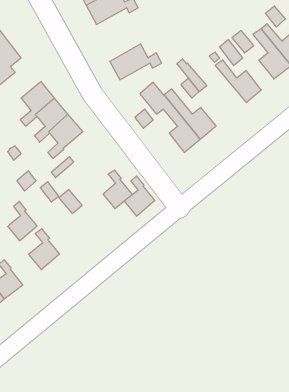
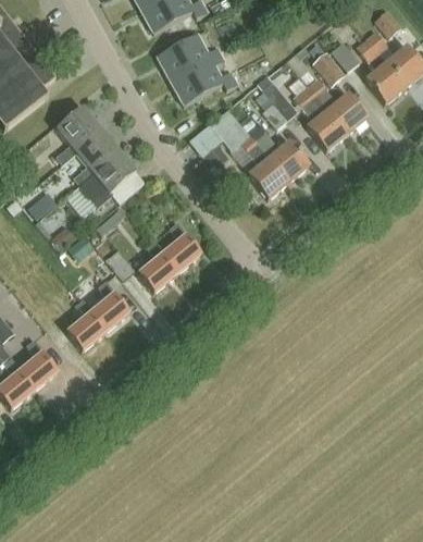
building: none -> [157,34,231,81]
building: none -> [294,86,348,151]
building: [124,176,155,216] -> [137,241,177,293]
building: [8,201,37,241] -> [90,280,128,331]

